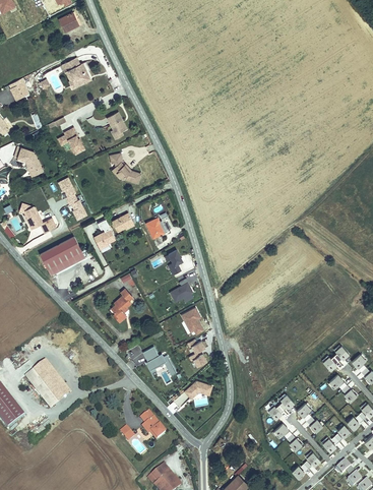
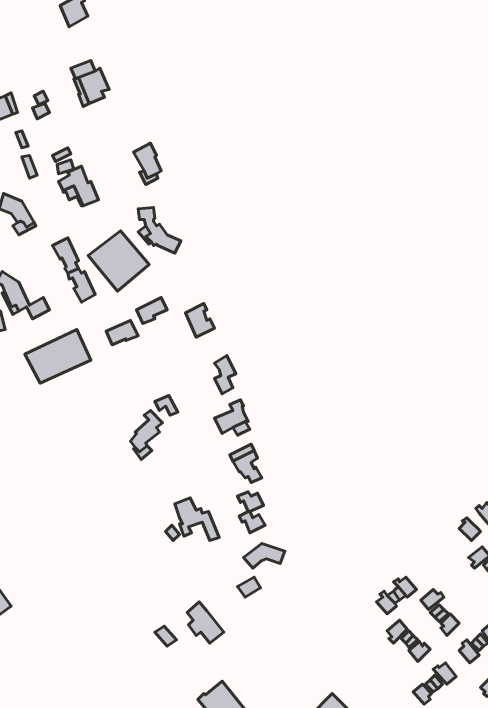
building: none -> [88,231,149,291]
building: [27,363,72,410] -> none

